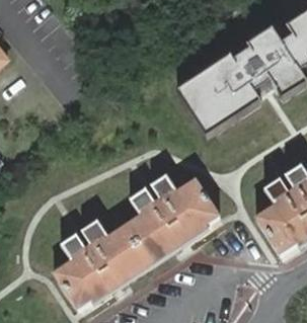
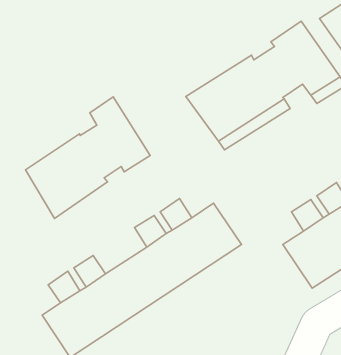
building: none -> [25,97,150,218]

